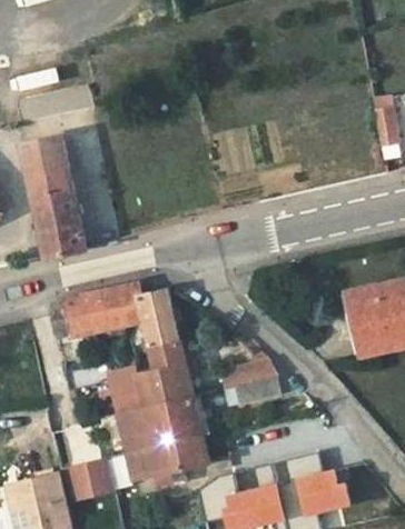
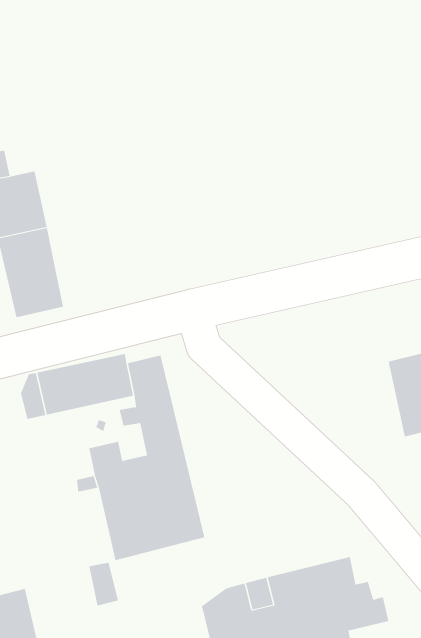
building: [219,361,280,406] -> none
building: [127,436,207,487] -> none
building: [68,462,107,501] -> none

